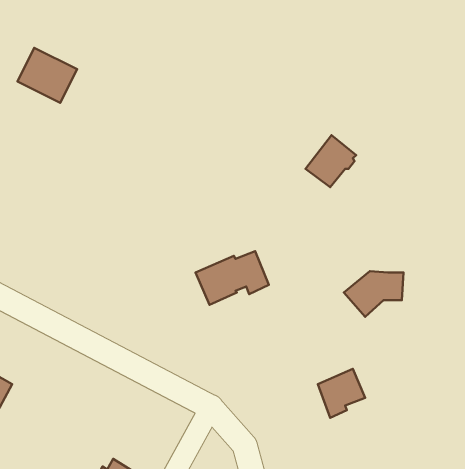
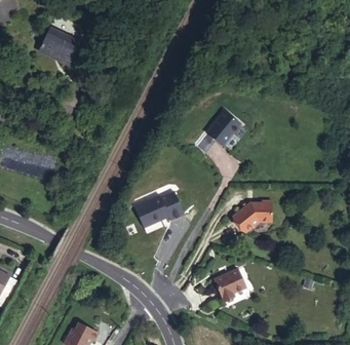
building: [17,48,77,103] -> [39,29,79,66]

